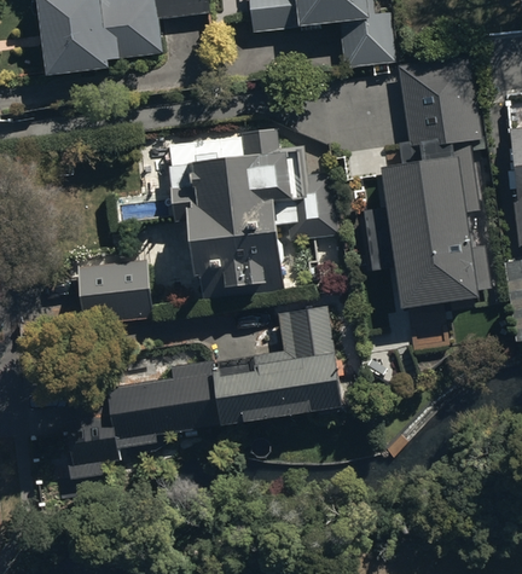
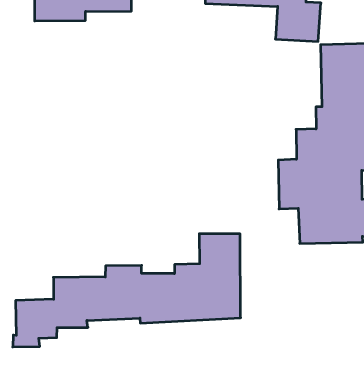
building: [168,128,300,300] -> none
building: [80,259,153,323] -> none

